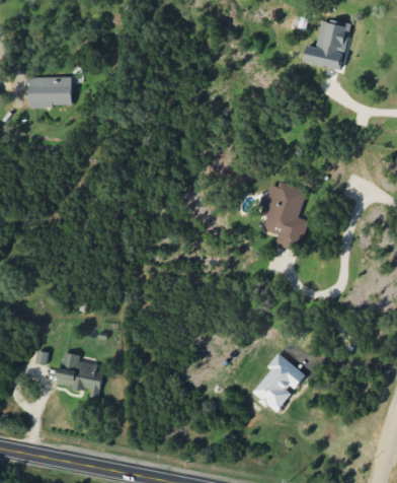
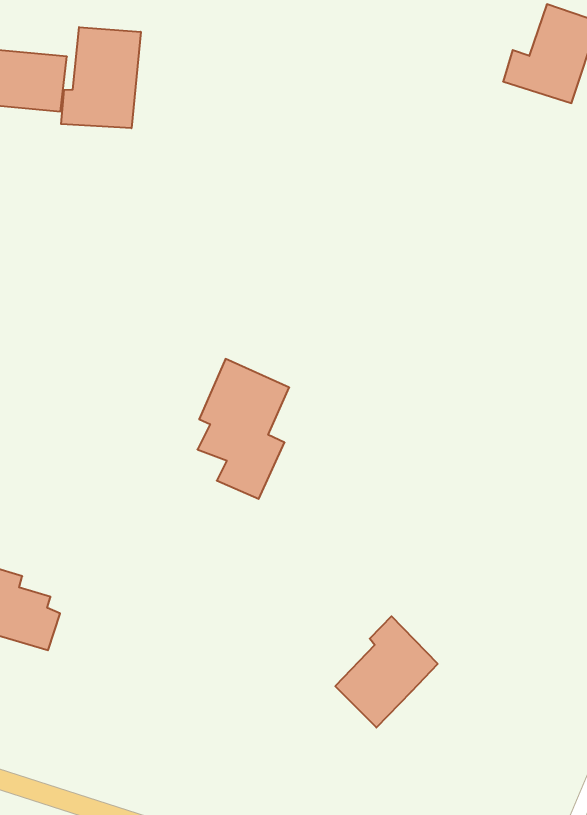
building: none -> [61,27,141,128]
building: [260,180,307,252] -> [197,359,289,499]

